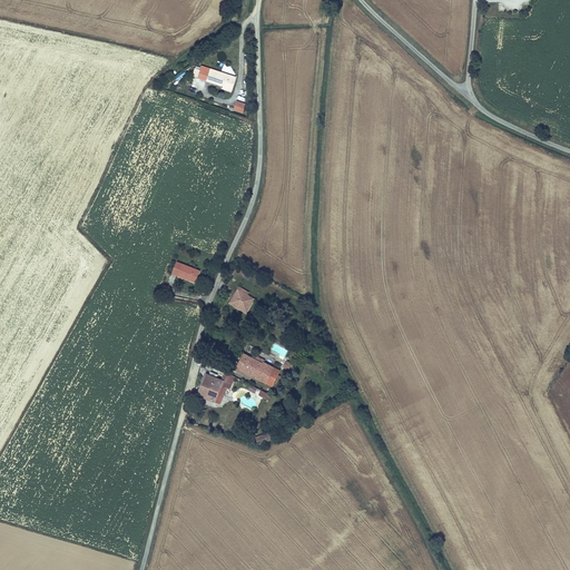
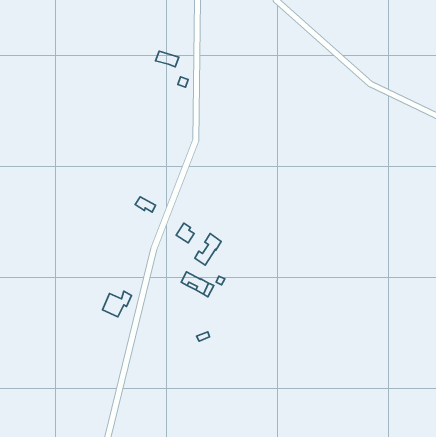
building: none -> [195,234,221,265]
building: [197,371,235,404] -> [103,291,132,317]

